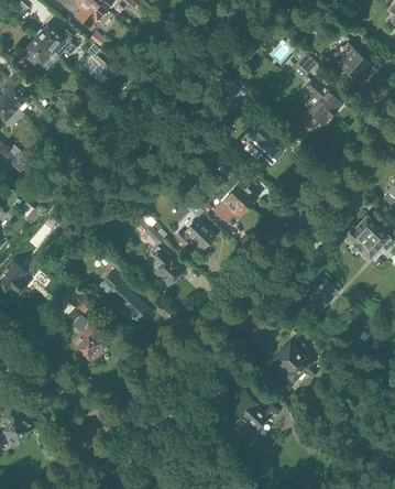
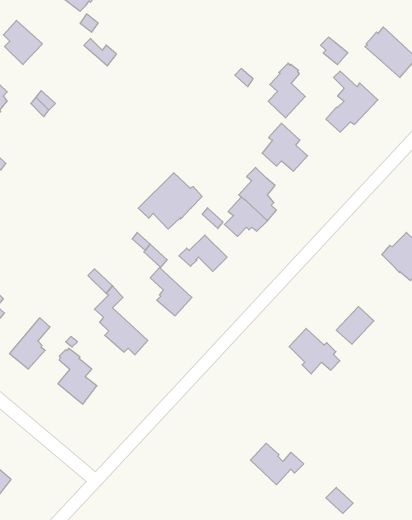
building: [36,24,76,56] -> none
building: none -> [268,63,305,118]
building: none -> [138,173,202,229]
building: none -> [10,318,50,369]
building: [275,343,318,381] -> [289,328,340,374]

